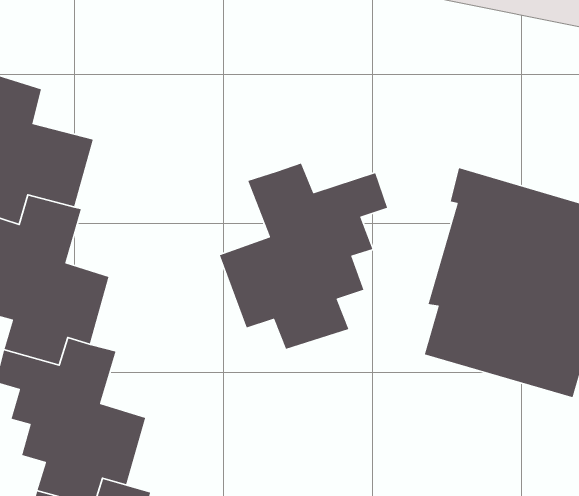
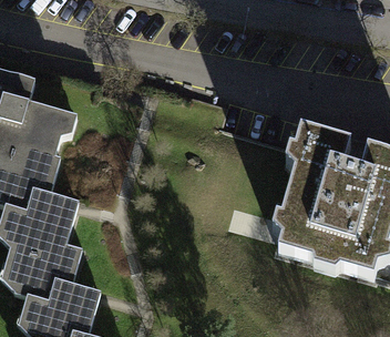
building: [219,162,388,350] -> none

